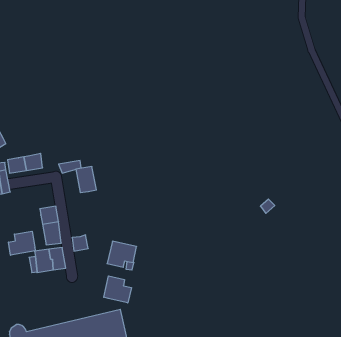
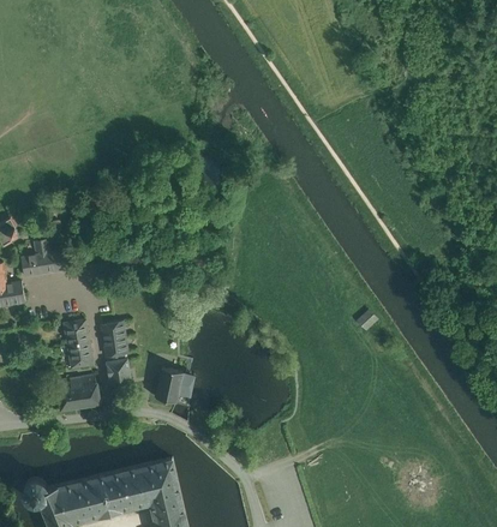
building: [76,167,96,193] -> [100,322,127,357]
building: [9,231,35,255] -> none
building: [104,276,131,303] -> none

